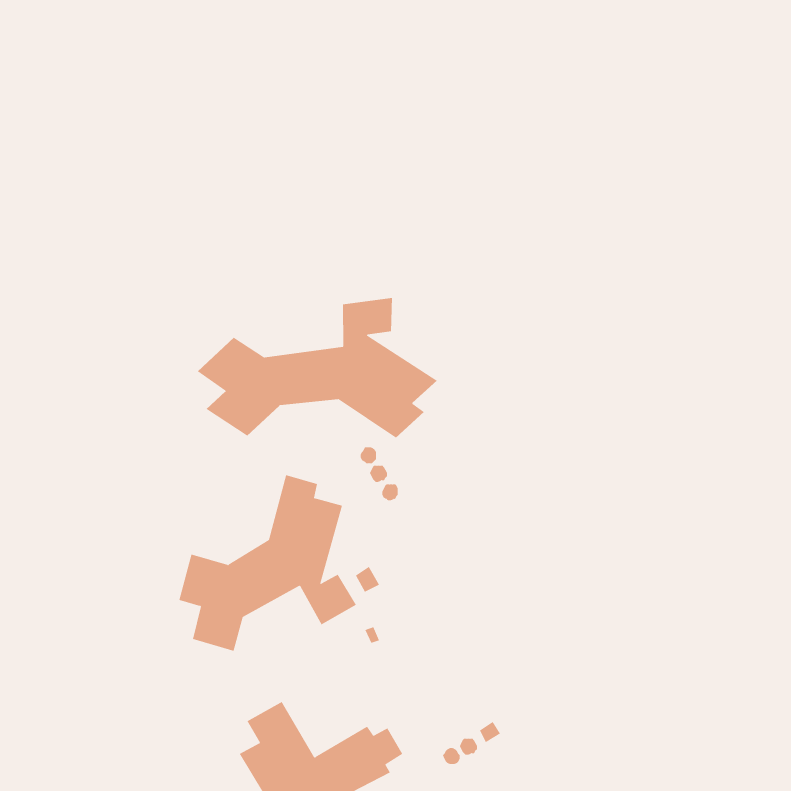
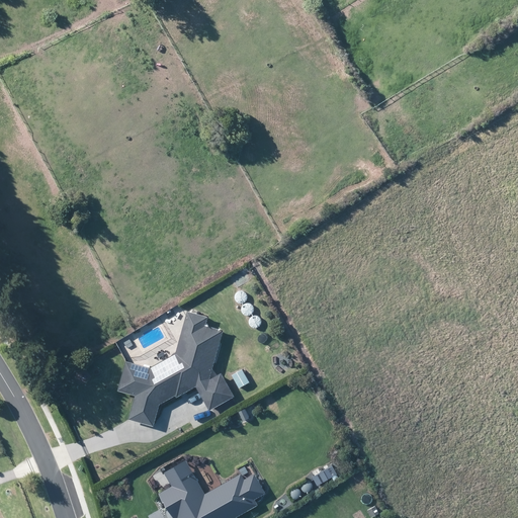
building: [197,297,438,439] -> none

